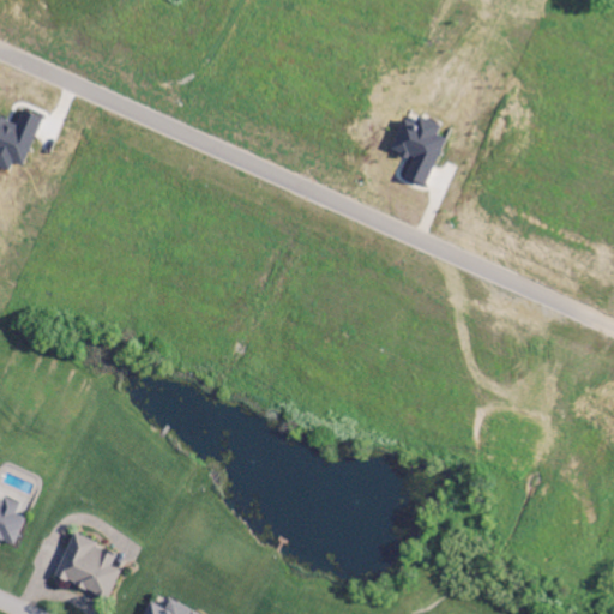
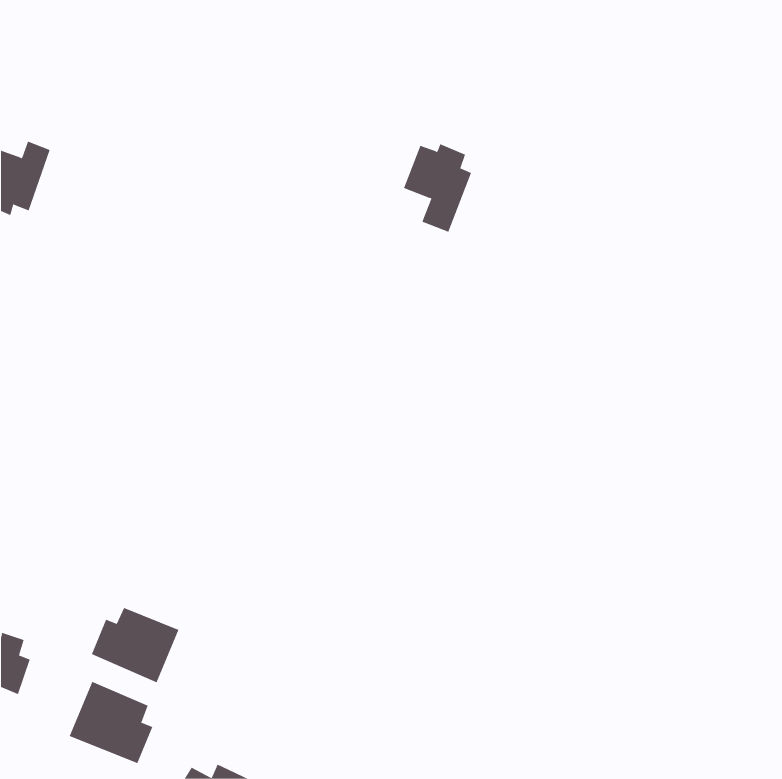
building: [390,115,444,185] -> [403,144,472,232]
building: none -> [91,607,179,683]

